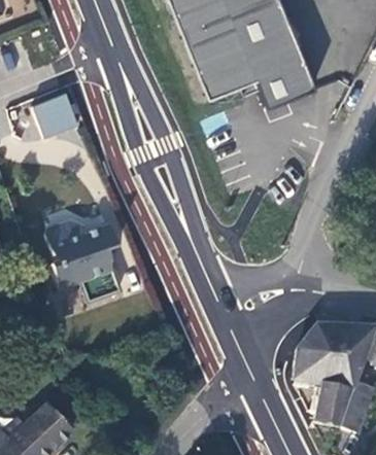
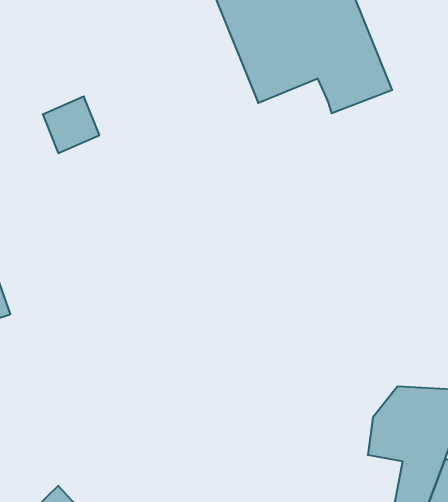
building: [47,219,121,302] -> none

